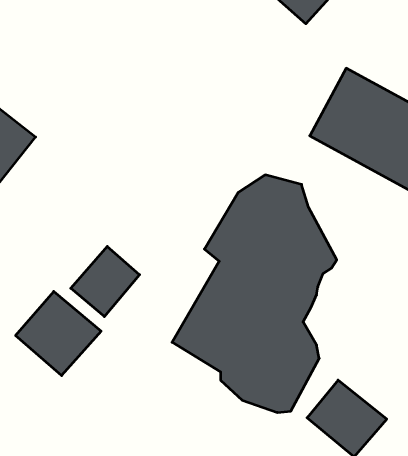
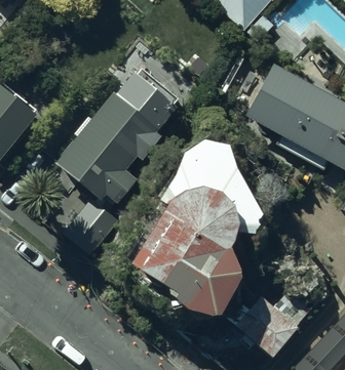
building: none -> [54,68,180,203]
building: [16,291,101,376] -> none

